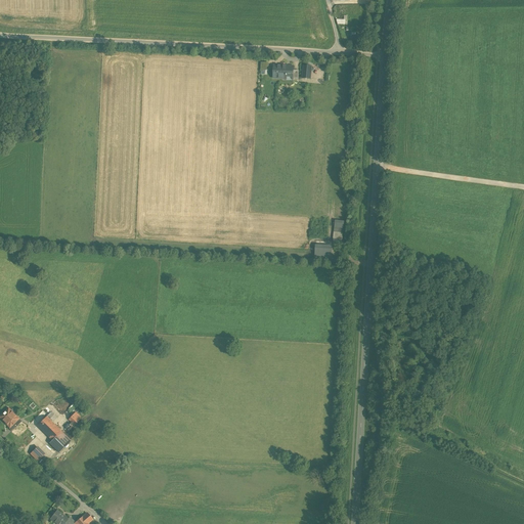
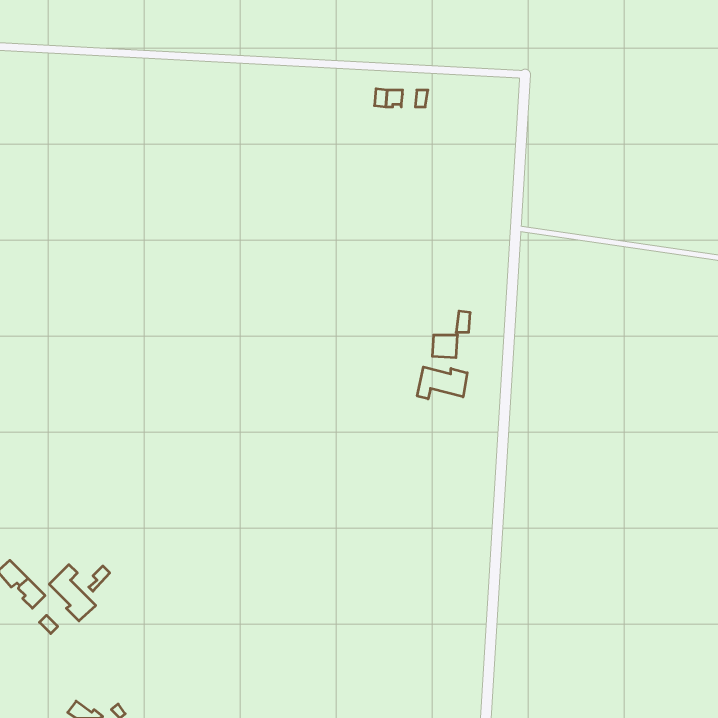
building: none -> [417,367,467,399]

